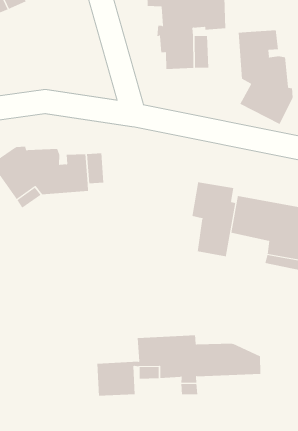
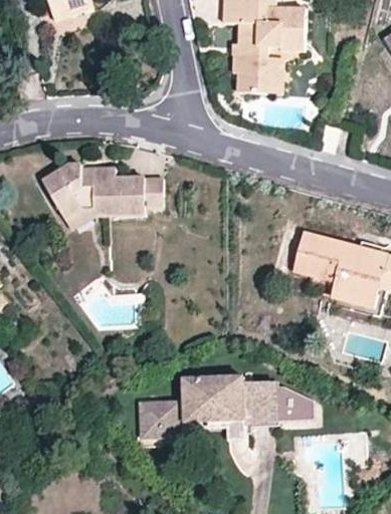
building: [238,30,293,125] -> none
building: [192,182,236,257] -> none

